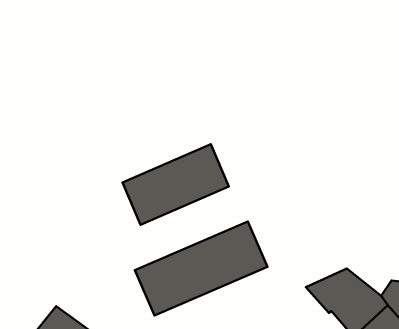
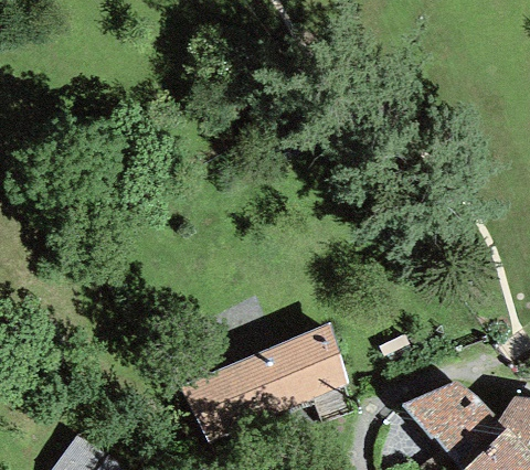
building: [122,144,229,225] -> none

